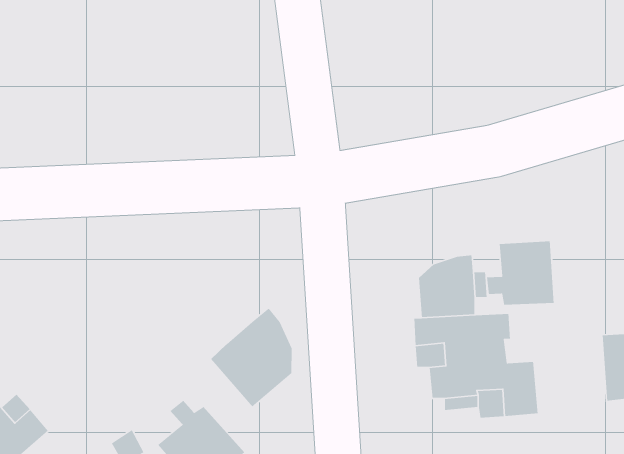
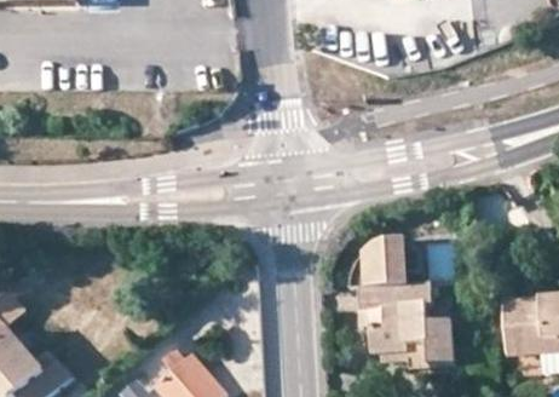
building: [486,240,554,305] -> none
building: [210,307,292,407] -> none

